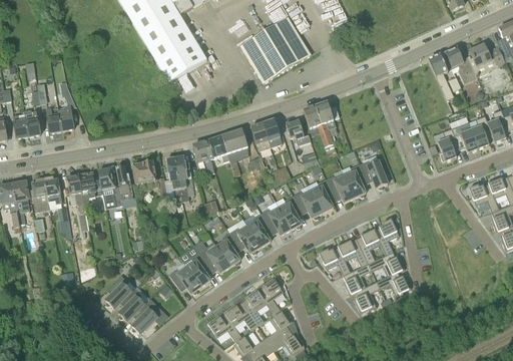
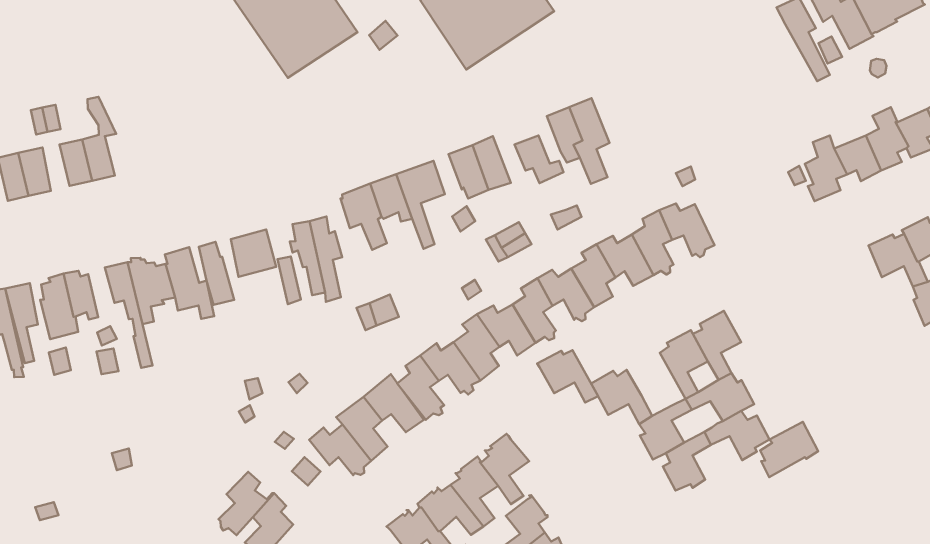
building: [337,238,368,266] -> [537,350,598,403]
building: [105,274,135,308] -> none
building: none -> [760,422,818,477]

